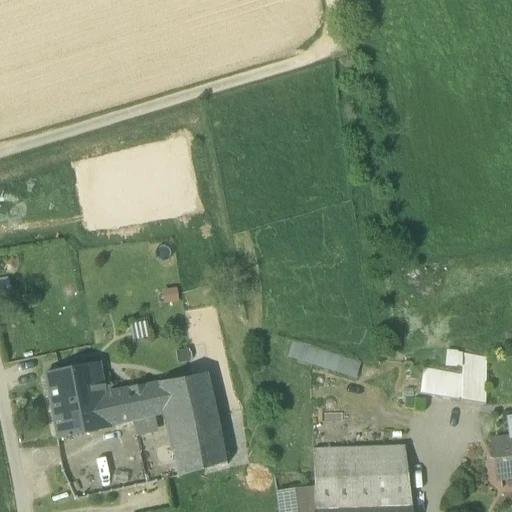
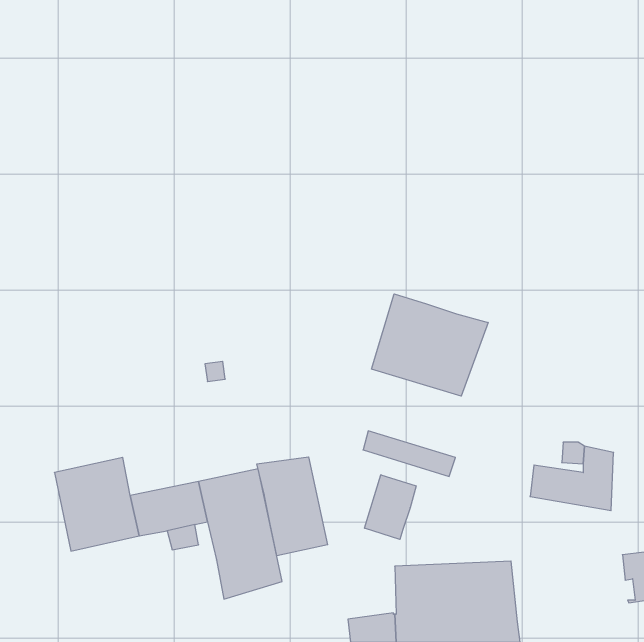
building: none -> [372,294,488,396]
building: none -> [257,457,328,556]
building: none -> [365,475,416,539]

